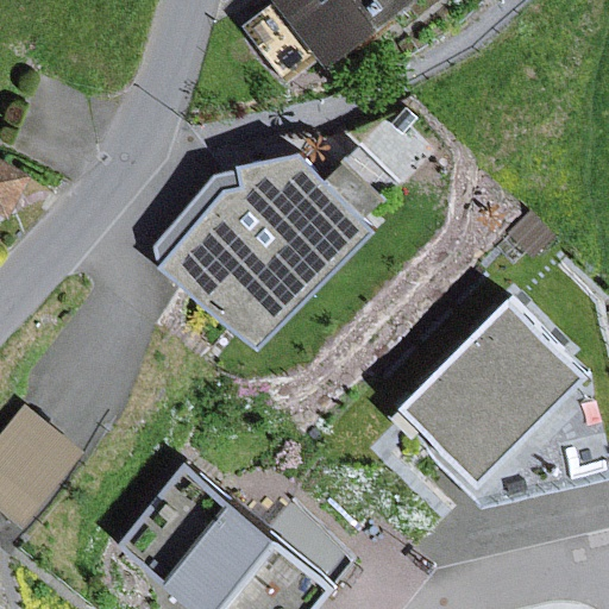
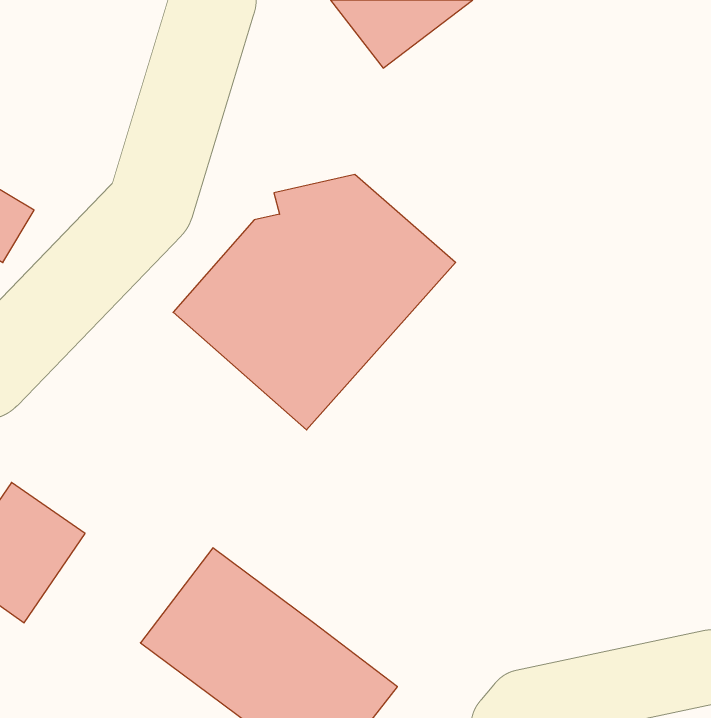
building: [398,297,582,481] -> none

